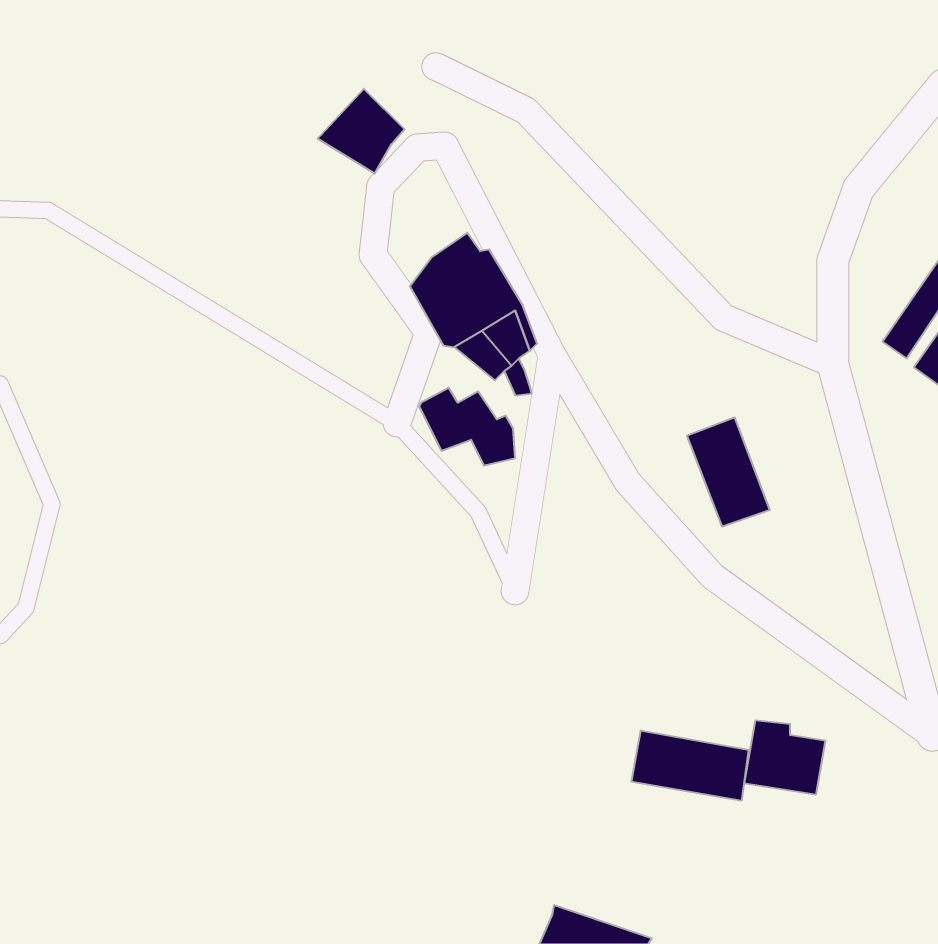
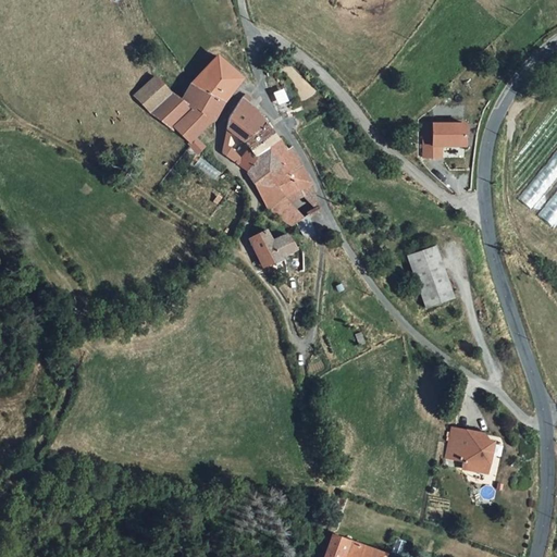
building: none -> [138,78,224,152]
building: none -> [225,97,278,169]
building: none -> [416,123,460,159]
building: [632,730,748,801] -> none

